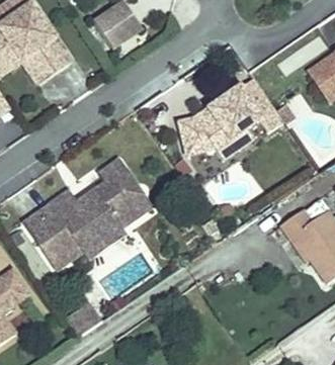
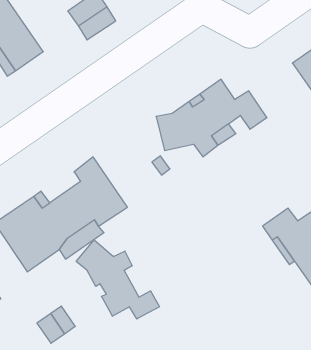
building: none -> [76,240,159,319]

